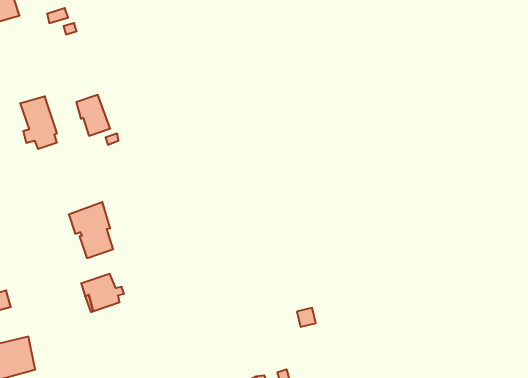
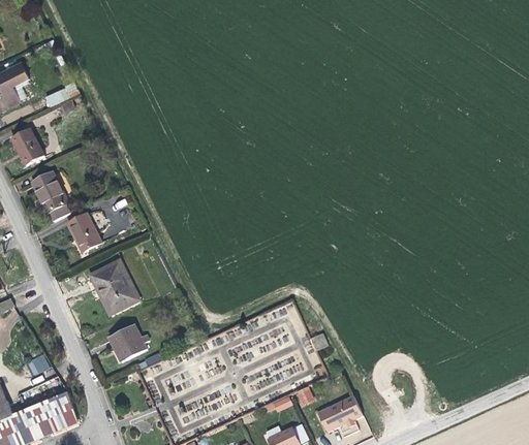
building: none -> [11,128,44,165]
building: [76,95,110,136] -> [67,213,101,251]

